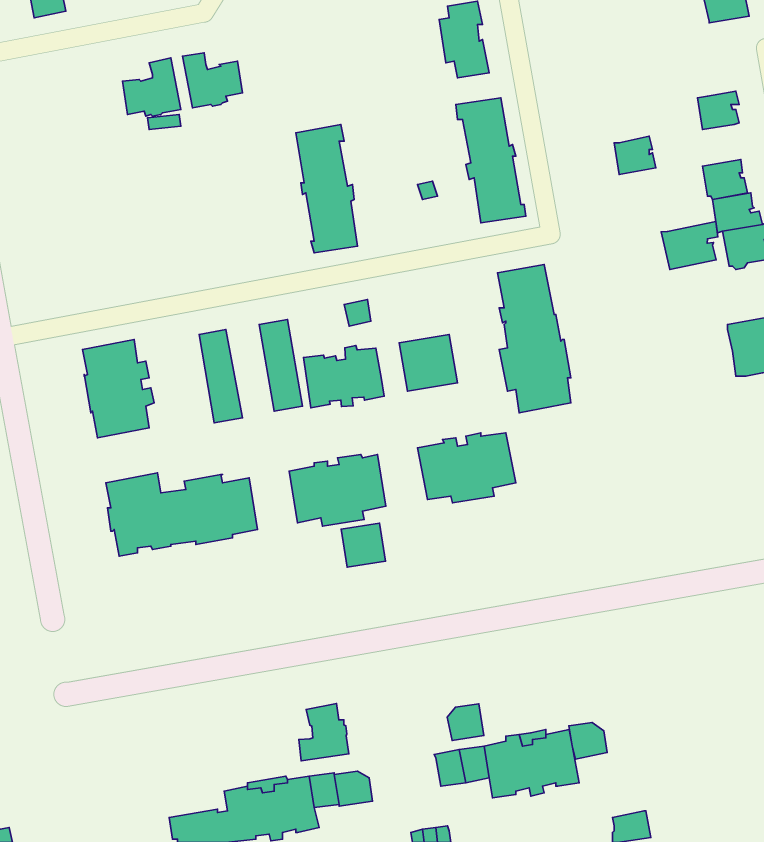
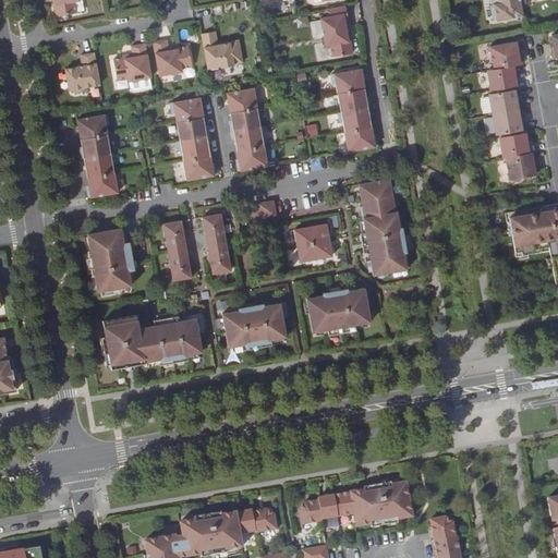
building: none -> [202,31,242,68]
building: none -> [492,40,522,68]
building: none -> [61,52,100,93]
building: [614,136,656,175] -> [490,88,518,113]
building: none -> [170,97,216,179]
building: none -> [77,113,118,196]
building: [661,221,718,269] -> none
building: [303,345,384,408] -> none
building: [341,523,386,567] -> none
building: [299,704,349,761] -> none
building: [447,704,484,741] -> [298,500,322,524]
building: [569,722,607,759] -> [429,515,454,539]

